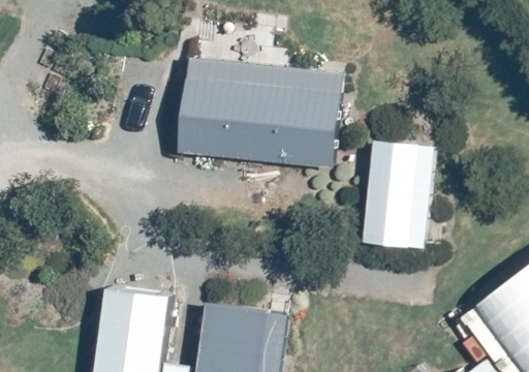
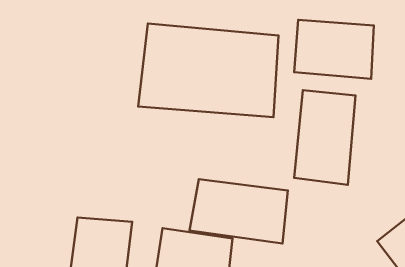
building: none -> [294,20,374,79]
building: none -> [189,179,288,244]

